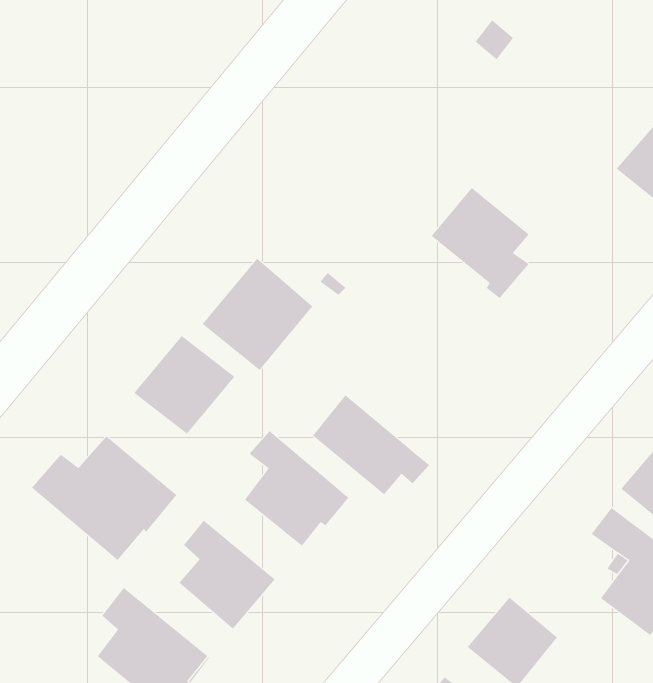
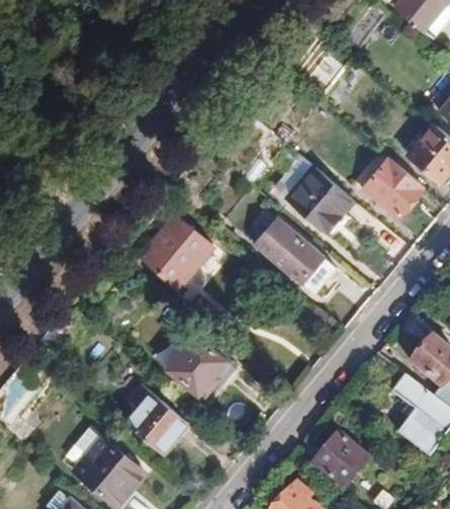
building: none -> [361,156,423,217]
building: [133,335,235,434] -> none
building: [312,395,430,495] -> [255,218,331,282]
building: [31,435,177,561] -> none

